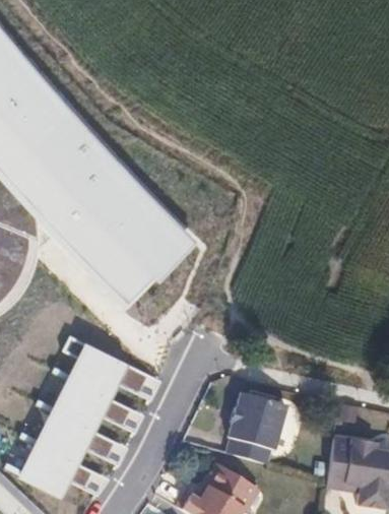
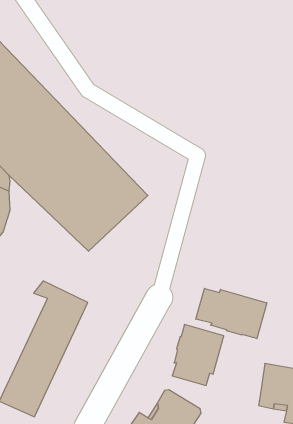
building: none -> [196,288,267,339]

